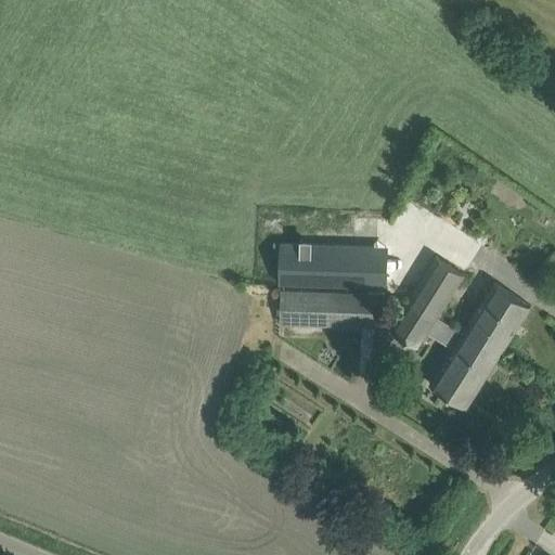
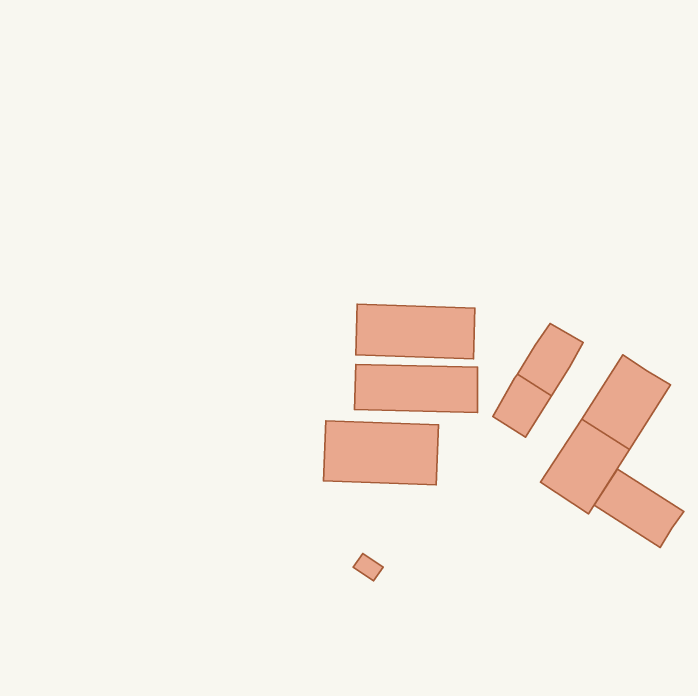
building: none -> [323,421,438,485]
building: none -> [594,469,684,547]

